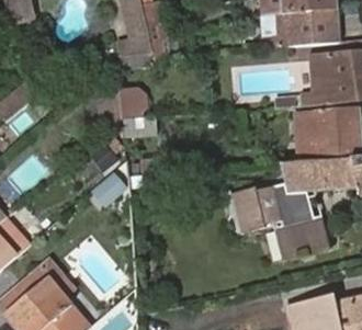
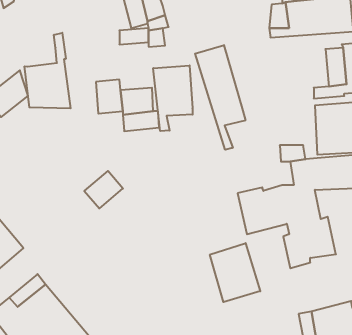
building: none -> [25,33,71,108]
building: none -> [195,45,245,150]
building: none -> [153,65,193,131]
building: none -> [210,243,260,302]

